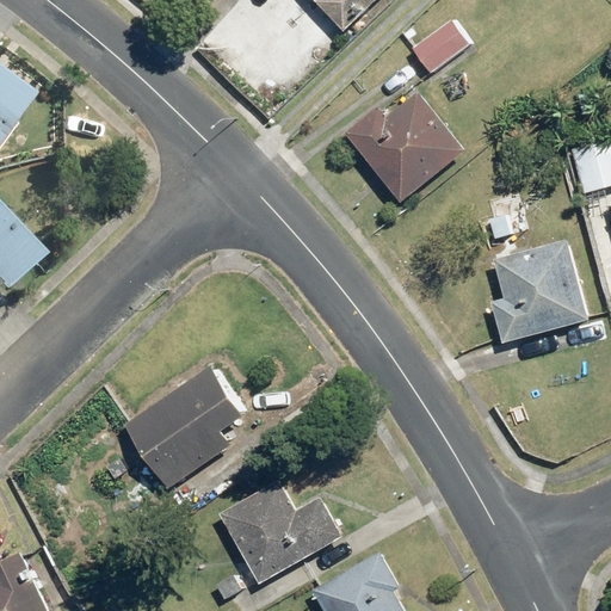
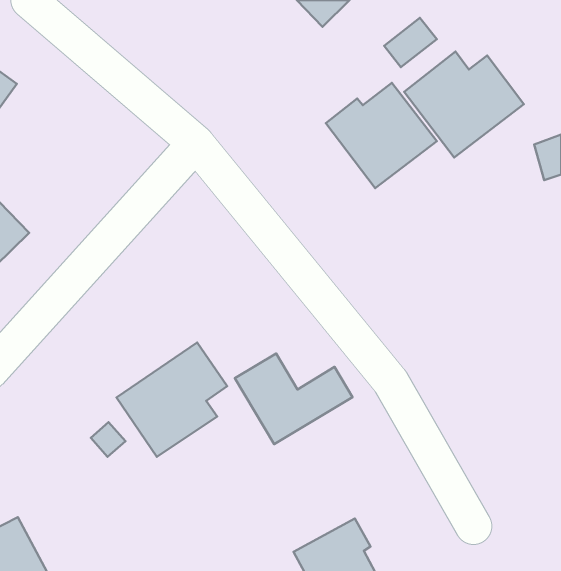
building: none -> [404,52,524,158]
building: [492,239,590,342] -> none
building: [216,486,341,582] -> [235,354,352,444]

